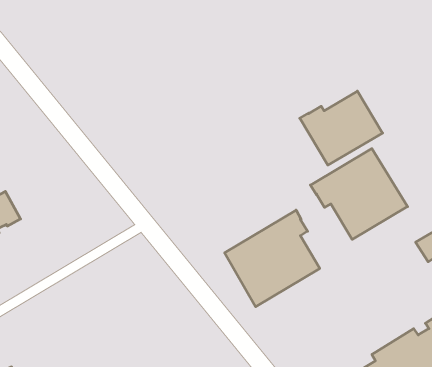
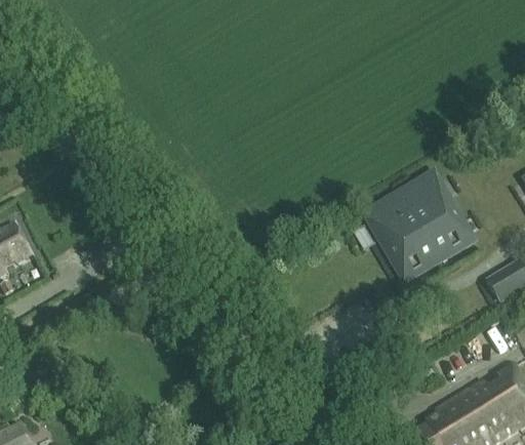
building: [300,91,383,165] -> none
building: [225,210,320,307] -> none

